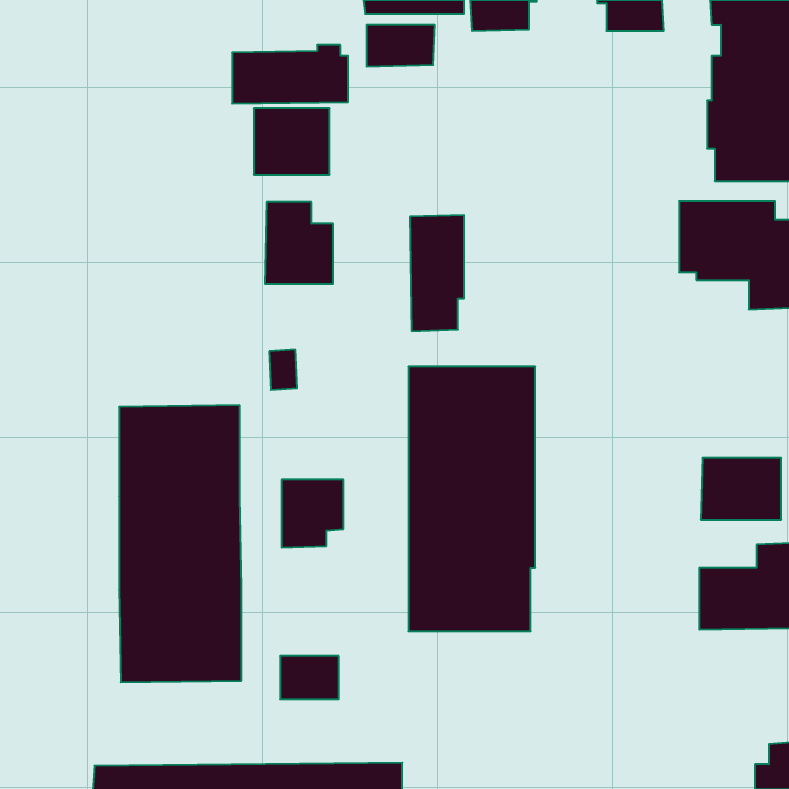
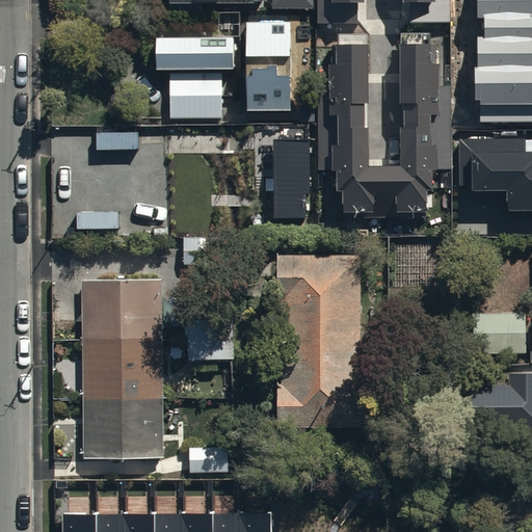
building: none -> [327,44,436,217]
building: [265,202,333,284] -> [246,53,292,108]

